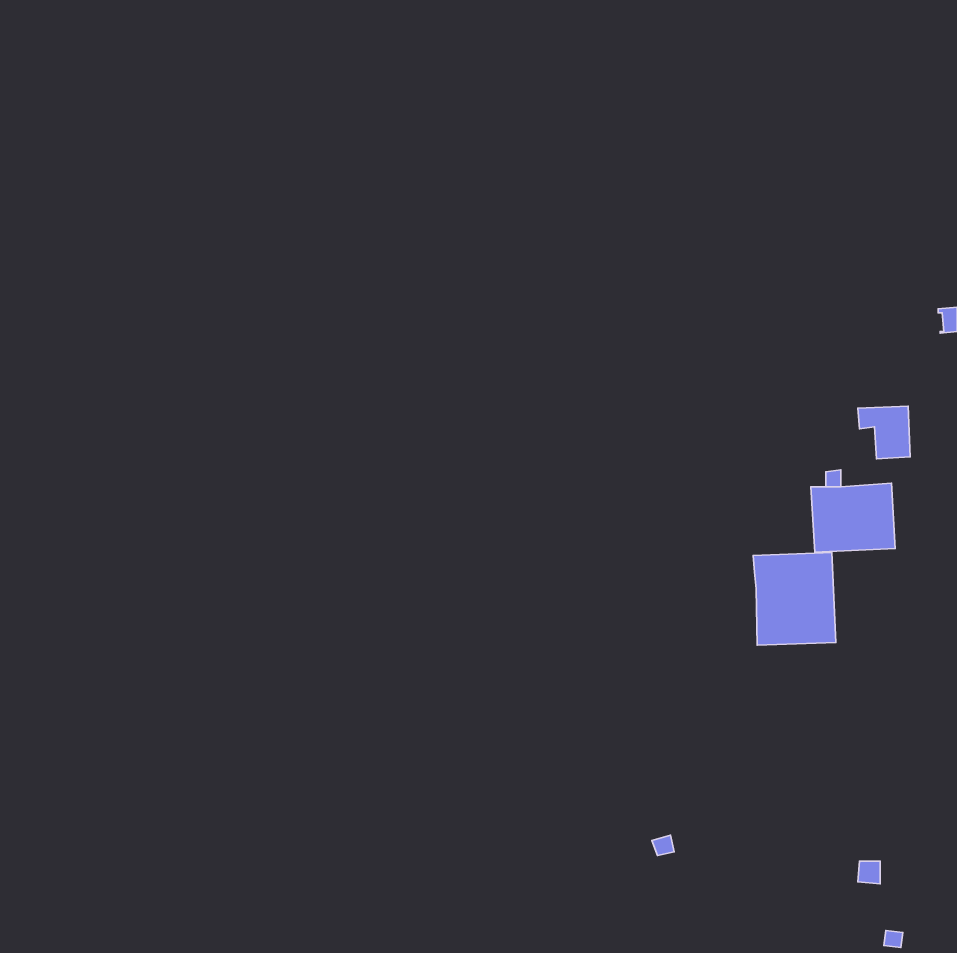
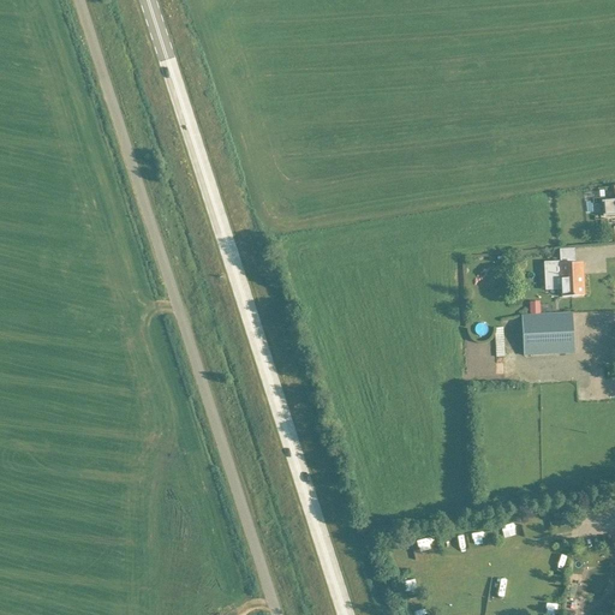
building: [753,553,836,645] -> none

